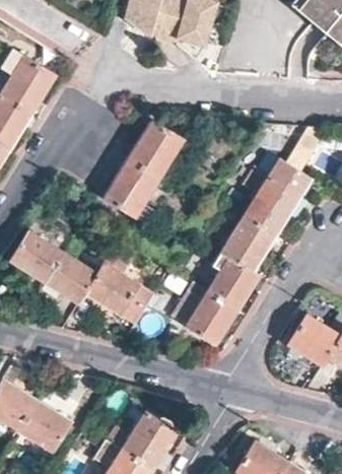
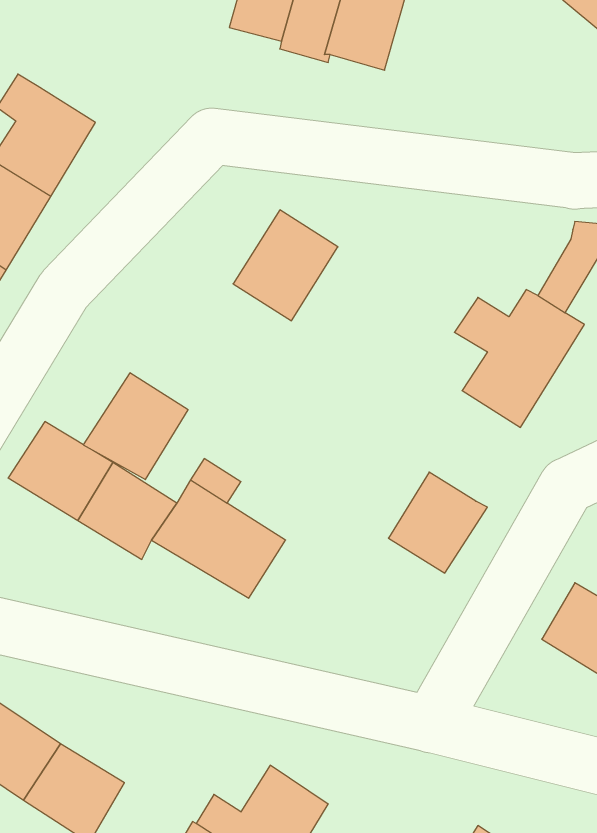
building: [102,158,157,214] -> [83,373,188,480]
building: [223,214,277,272] -> none
building: [174,283,237,344] -> none

